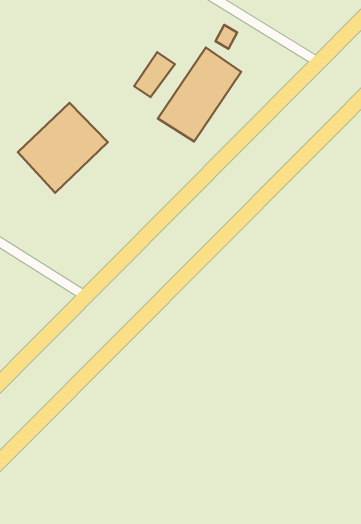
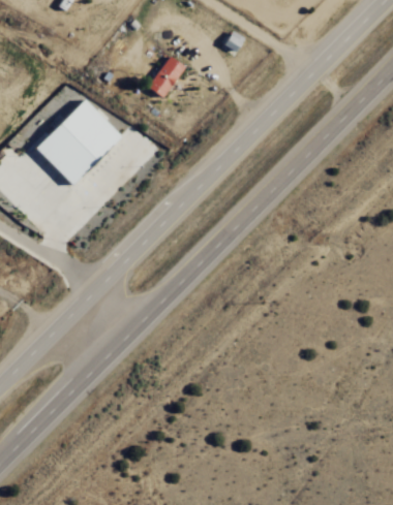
building: [158,48,241,141] -> none

